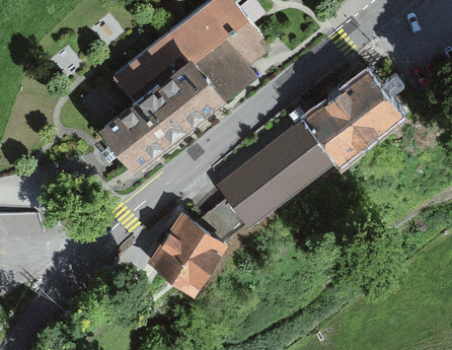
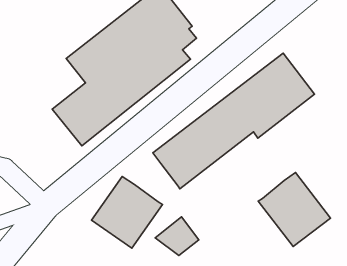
building: [195,197,245,241] -> [155,217,199,255]
building: none -> [258,173,330,247]

